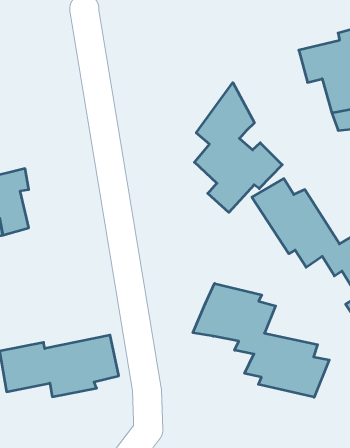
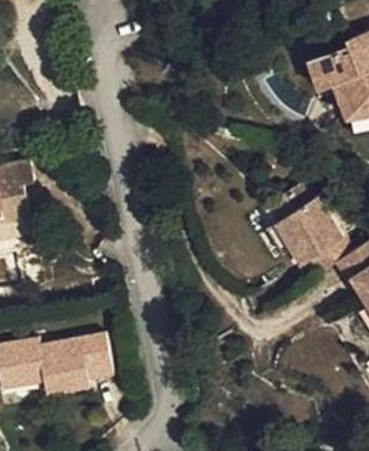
building: [194,83,282,212] -> none
building: [193,283,329,397] -> none

